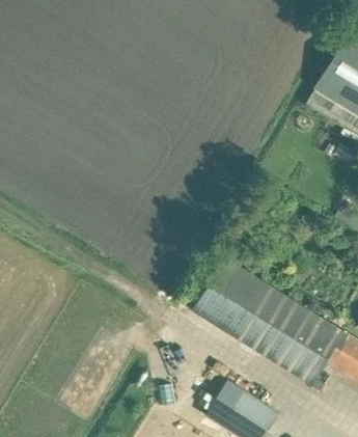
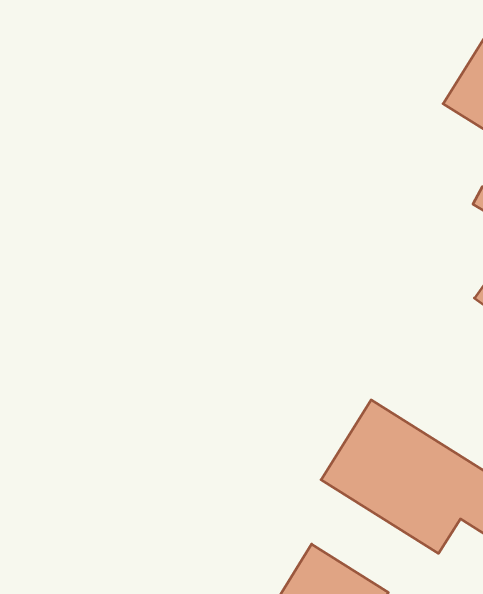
building: [181,255,268,337] -> none

